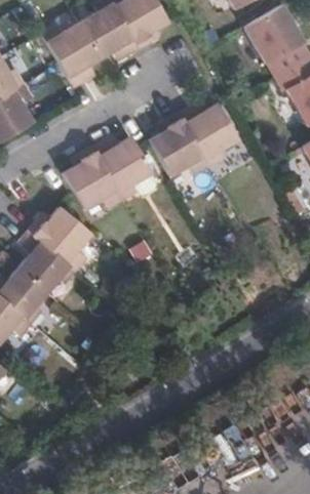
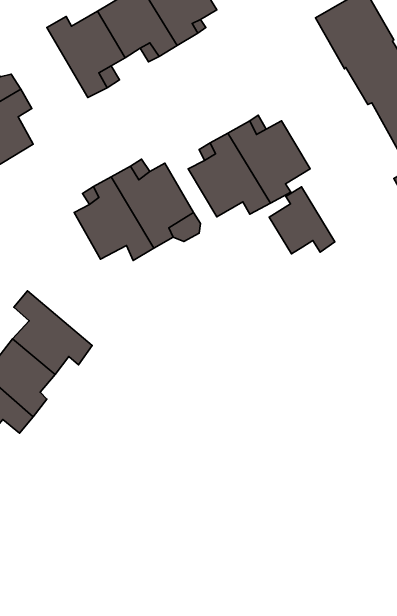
building: none -> [269,187,335,254]
building: [29,206,90,272] -> none

